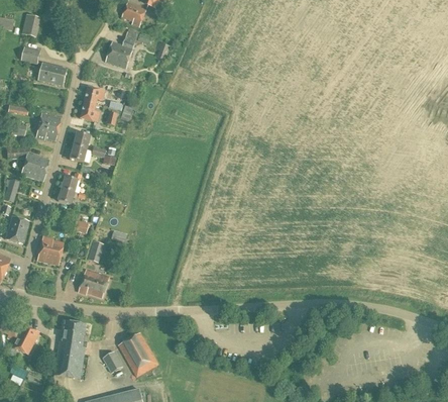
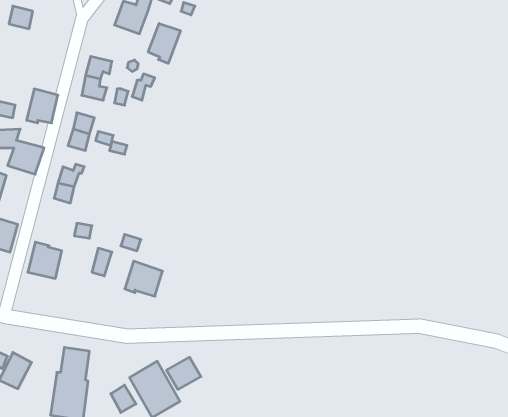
building: none -> [148,23,180,63]
building: [38,63,68,86] -> none
building: [79,269,109,297] -> [125,261,163,296]
building: none -> [167,357,201,389]

